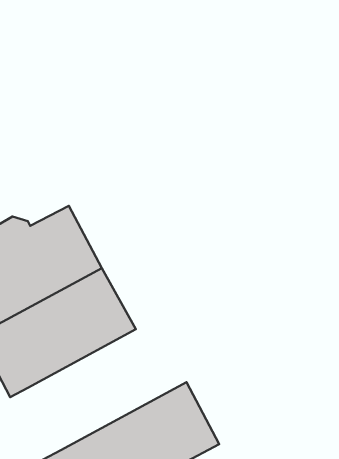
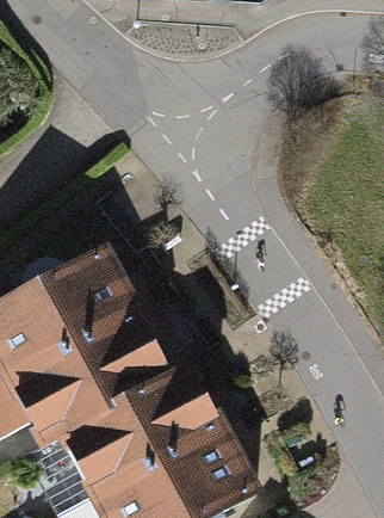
building: none -> [63,369,224,500]

